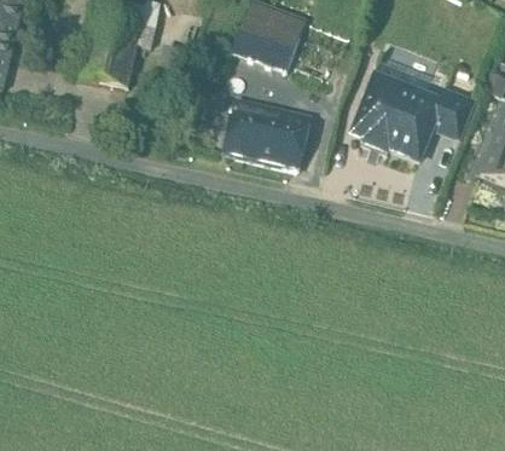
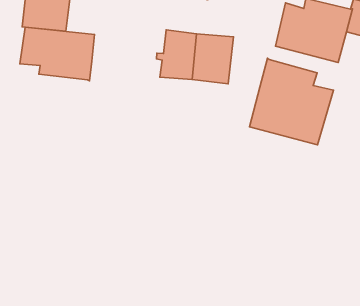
building: none -> [20,27,94,81]
building: none -> [250,58,333,145]

